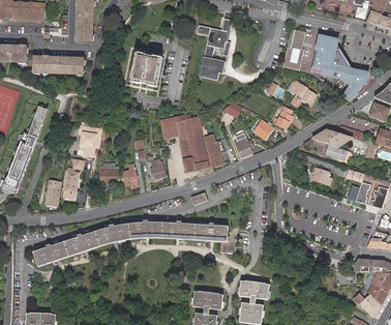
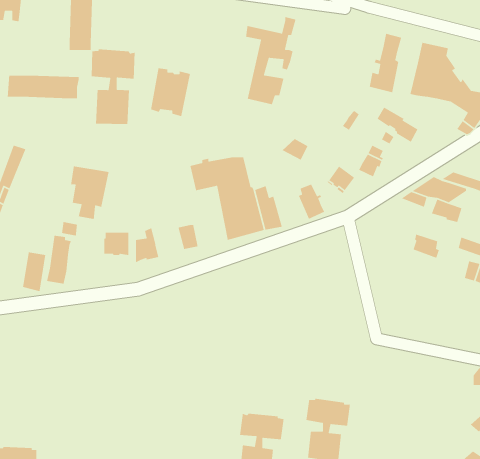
building: none -> [91,48,135,125]
building: [34,219,237,266] -> none

